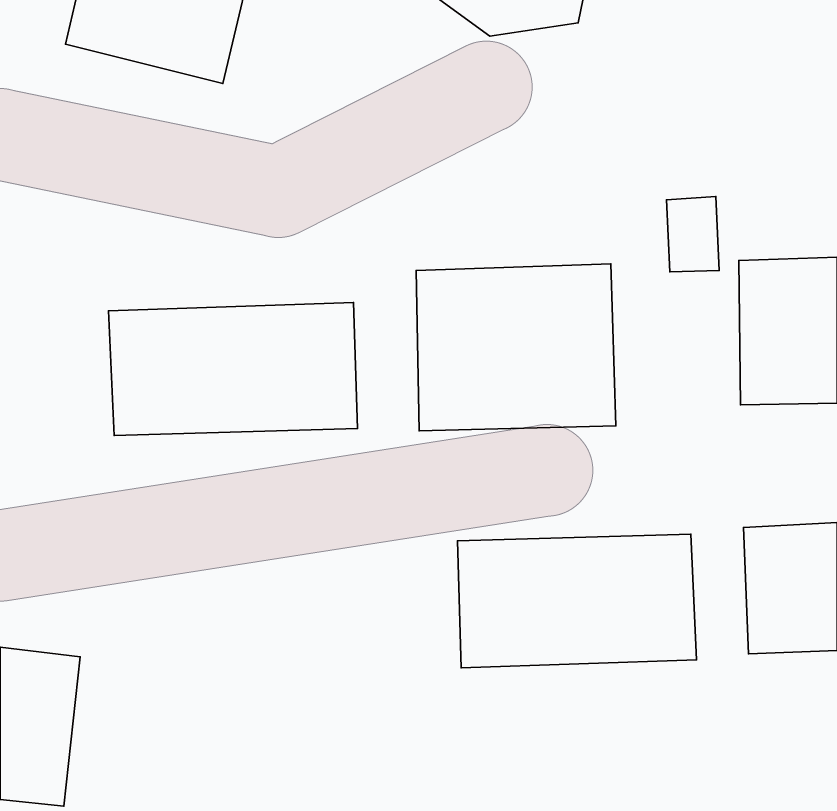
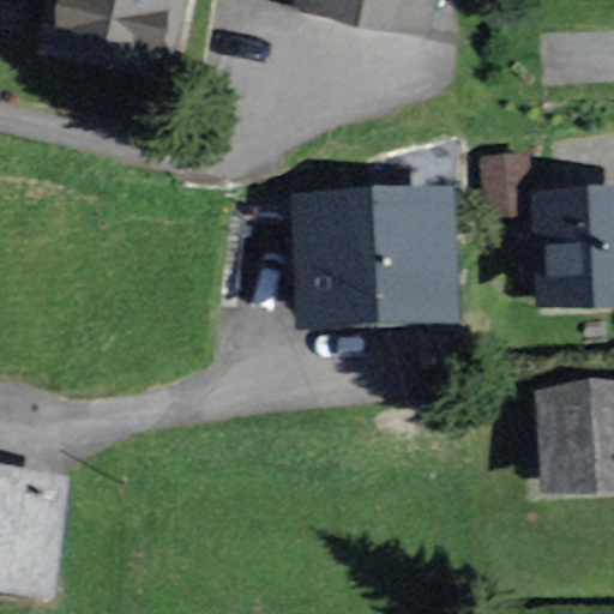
building: [108,302,357,435] -> none
building: [457,534,697,668] -> none

